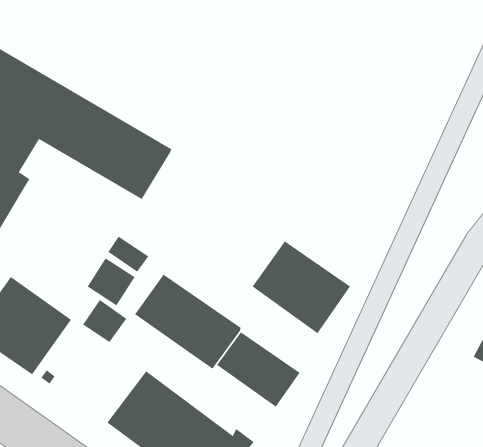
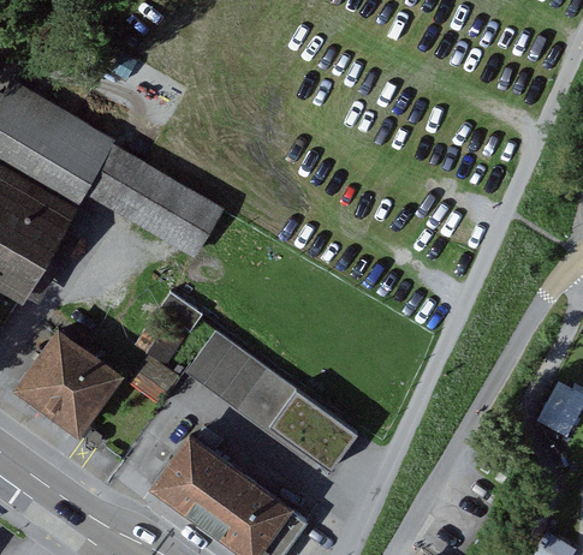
building: [252,240,351,334] -> none

